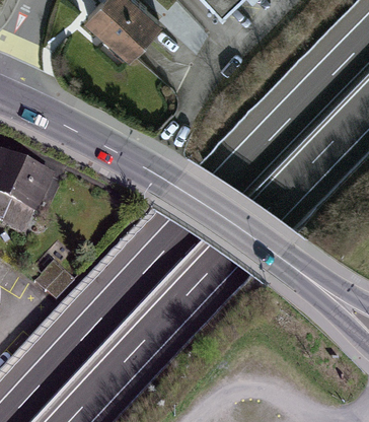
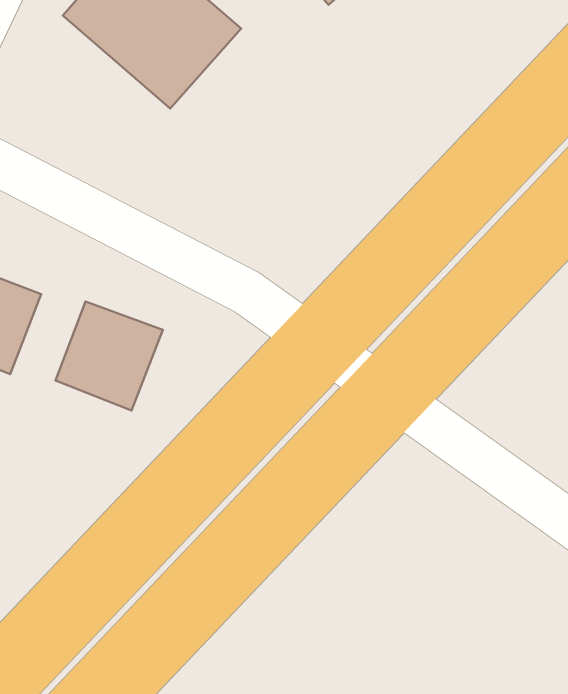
building: none -> [55,301,163,410]

